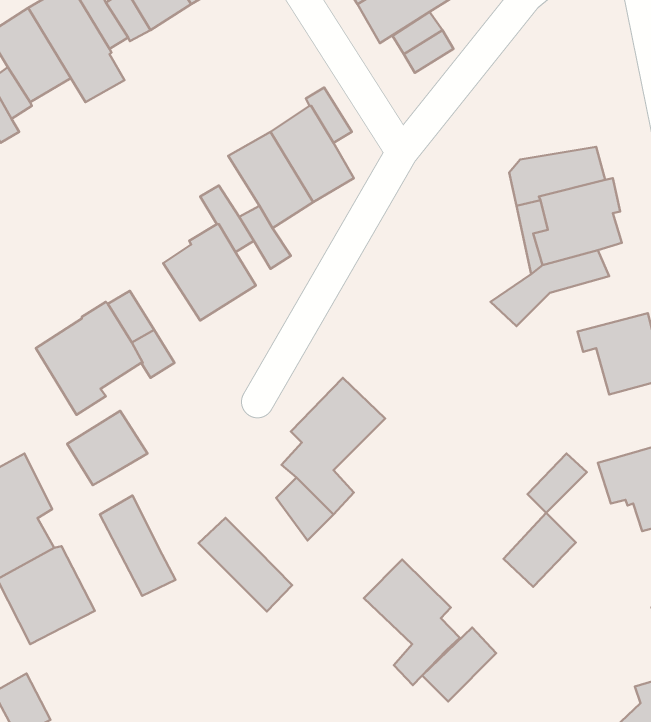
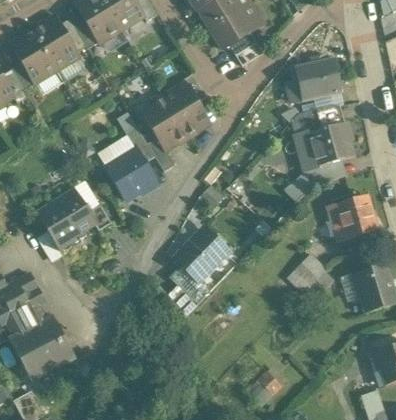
building: none -> [292,59,342,101]
building: [67,411,148,485] -> none
building: [100,496,176,596] -> none
building: [504,513,576,587] -> [286,253,325,293]
building: [198,518,292,611] -> none
building: [364,560,460,685] -> none

